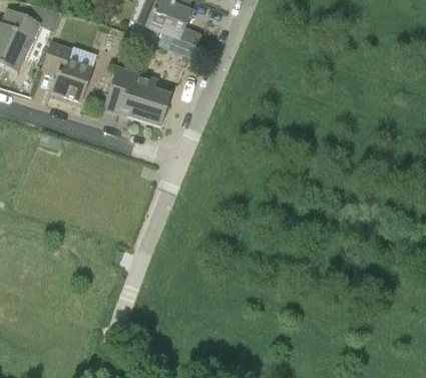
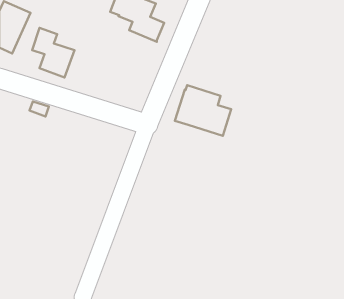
building: [103,64,171,125] -> [175,85,231,136]

